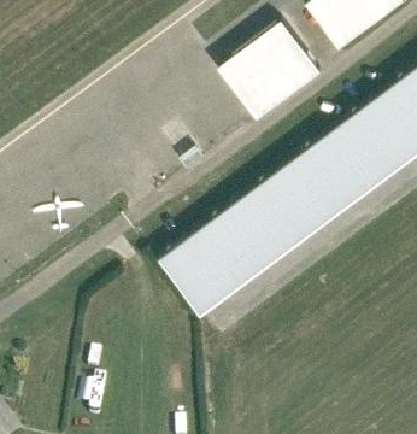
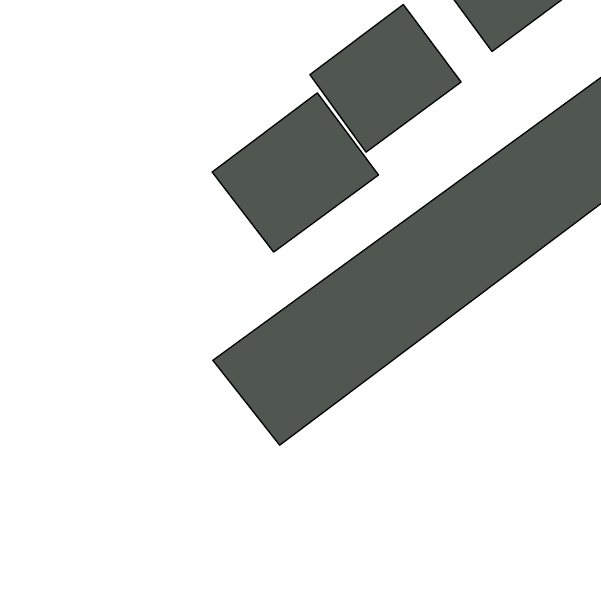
building: none -> [212,93,378,252]

